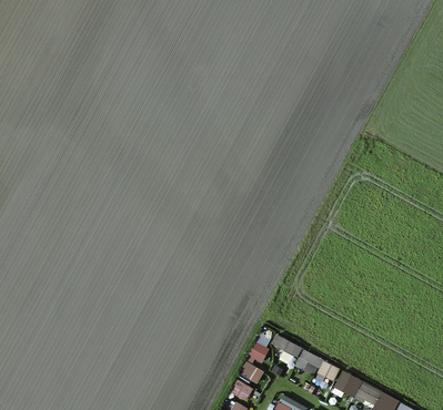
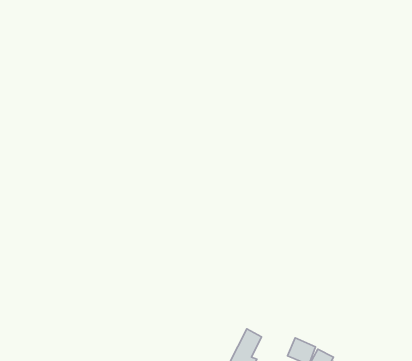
building: [271,336,302,365] -> none

